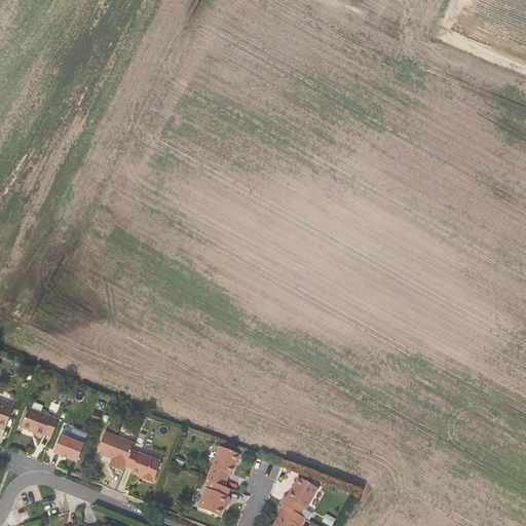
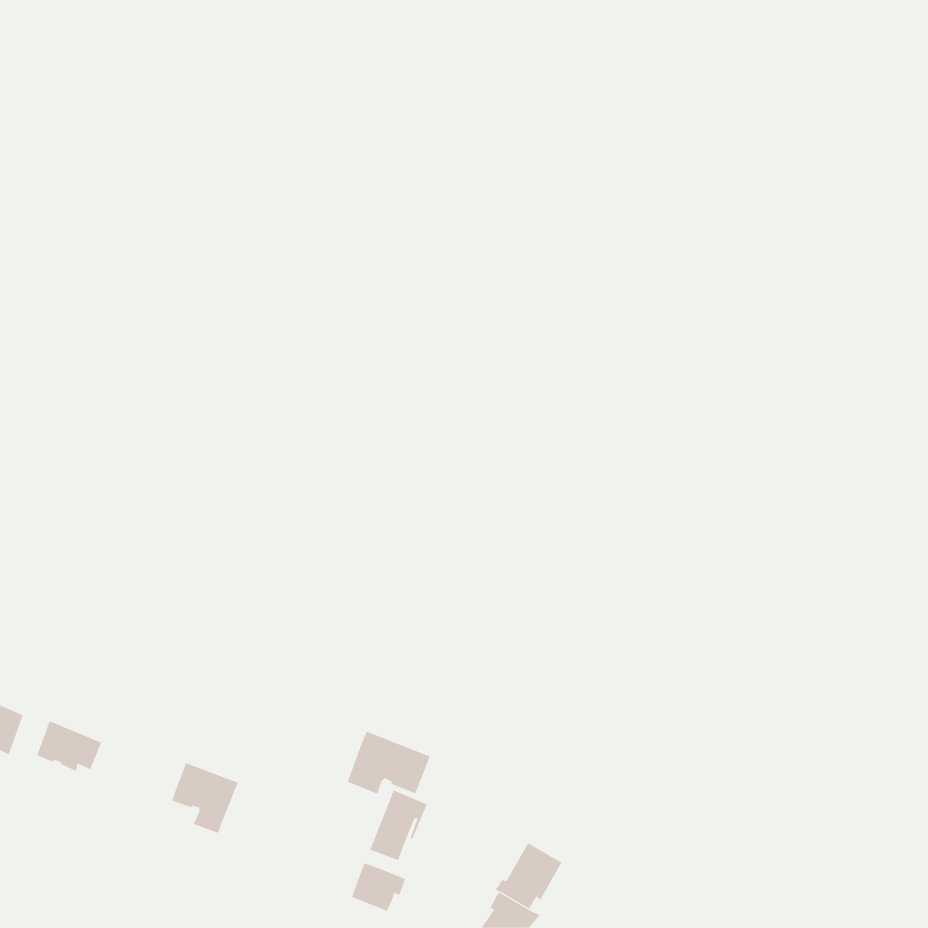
building: none -> [347,731,430,795]
building: [52,434,83,461] -> none
building: [125,450,160,482] -> none

